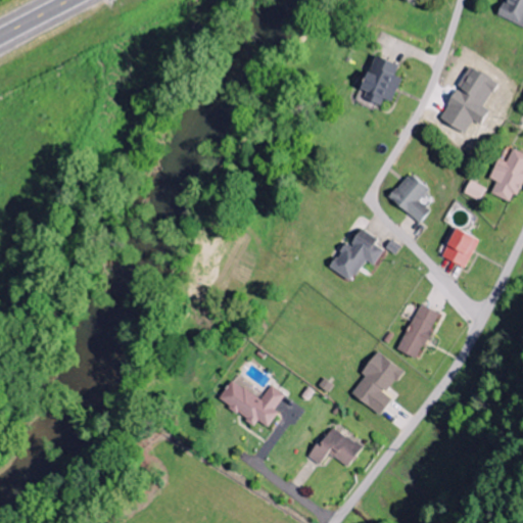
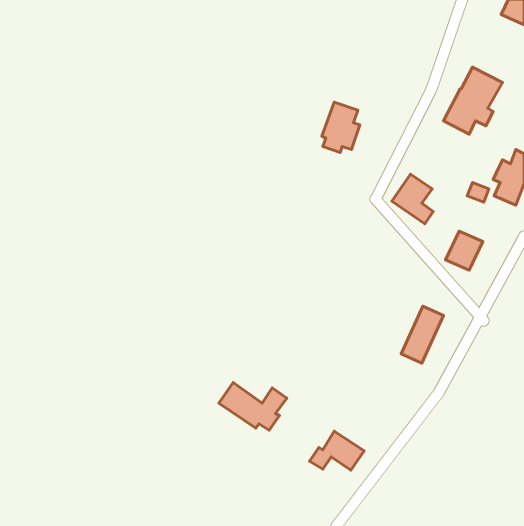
building: [362,55,399,105] -> [322,102,360,153]
building: [329,229,382,282] -> none
building: [350,351,401,415] -> none

